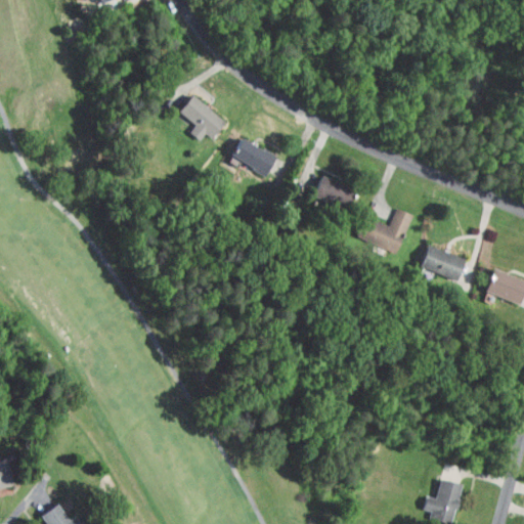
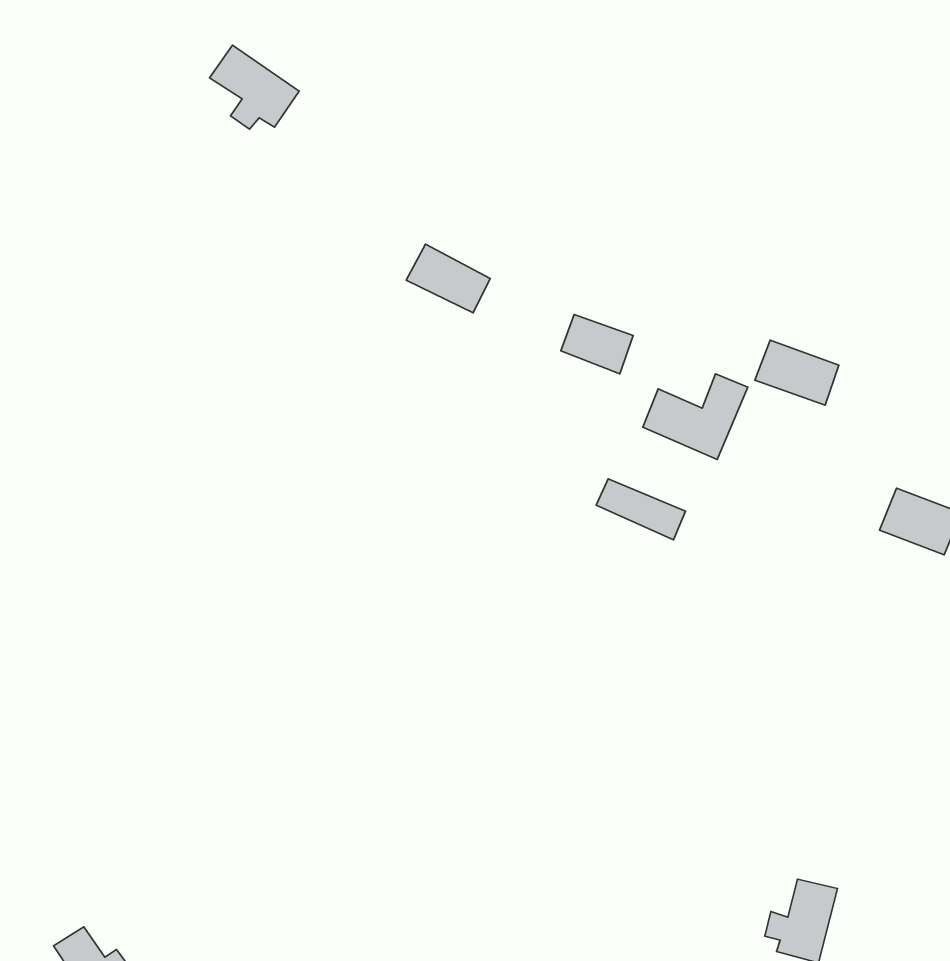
building: [179,95,227,140] -> [210,45,299,129]
building: [420,246,465,280] -> [755,340,839,405]
building: none -> [596,479,686,540]

